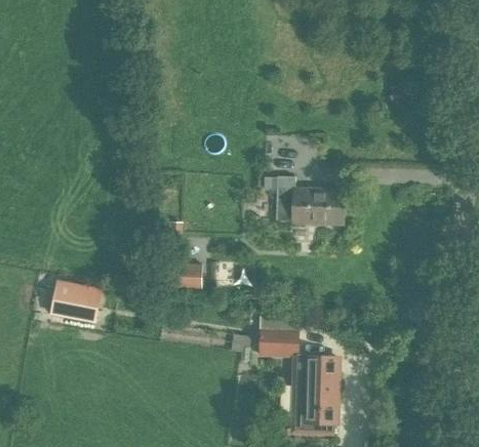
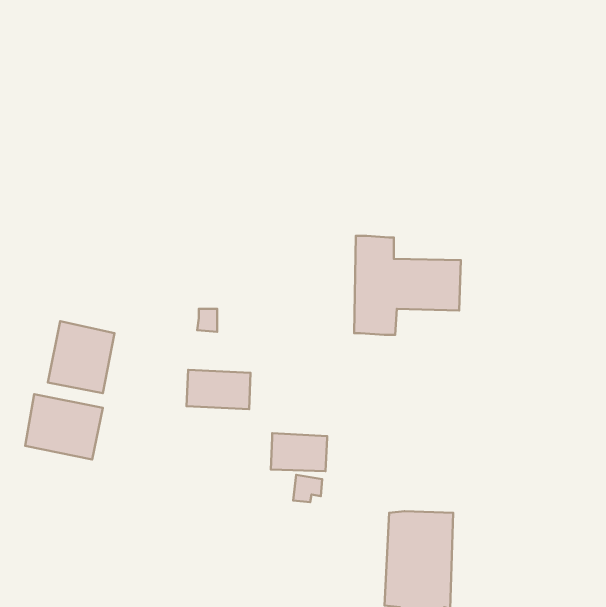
building: none -> [48,321,115,393]
building: [262,330,300,356] -> [271,433,327,471]

